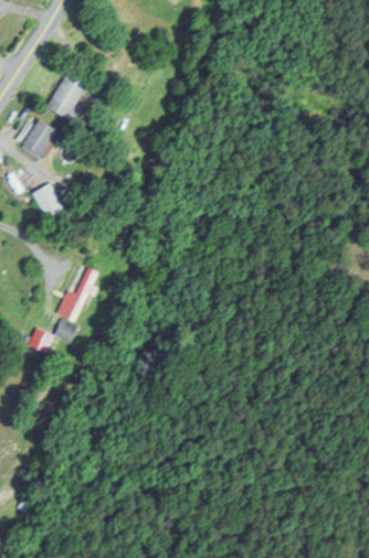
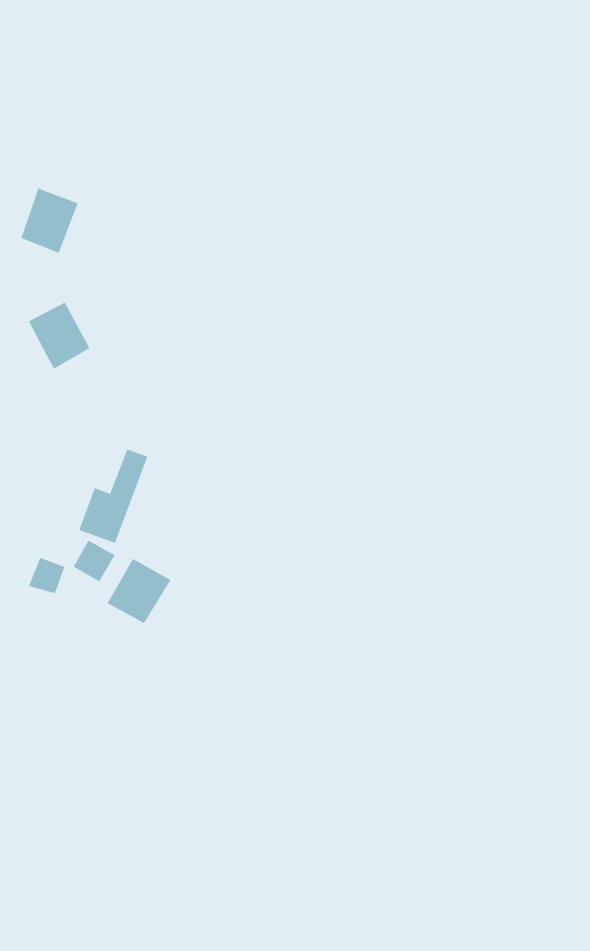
building: [46,71,89,119] -> none
building: none -> [107,558,171,624]

